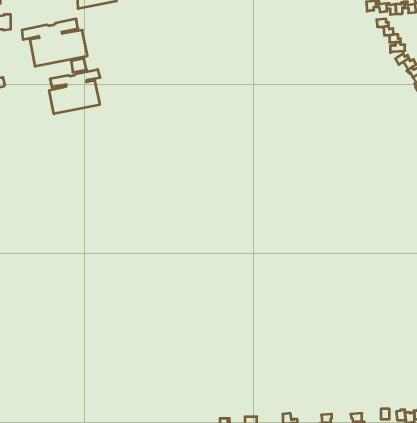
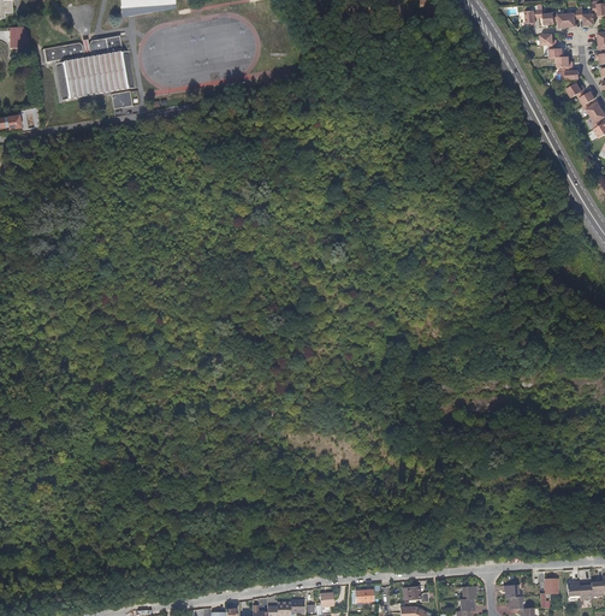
building: [49,69,100,114] -> none

